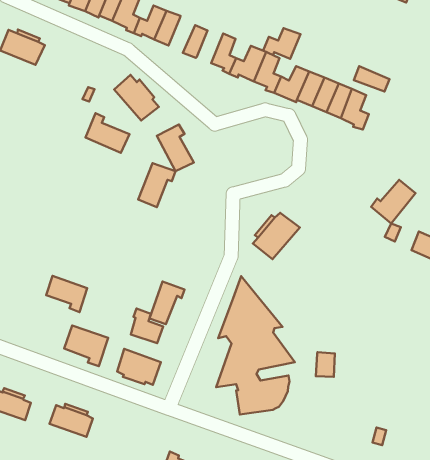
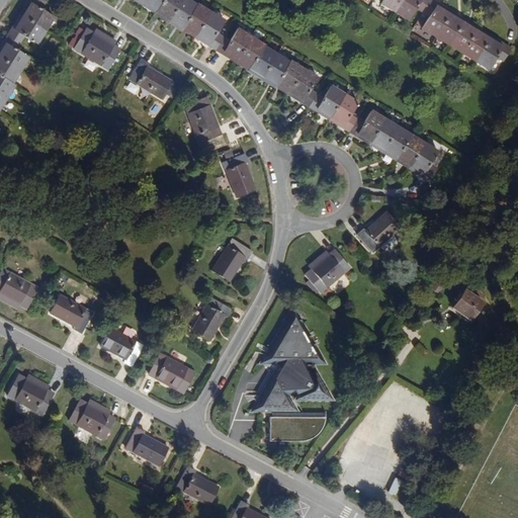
building: none -> [246,44,276,78]
building: [263,28,300,59] -> none
building: none -> [273,58,303,92]
building: [354,66,390,92] -> none
building: [86,113,129,153] -> [127,56,171,98]
building: [138,163,175,207] -> [205,240,246,283]
building: [371,180,415,223] -> [355,209,401,251]
building: [46,276,87,312] -> [50,300,91,340]
building: [131,308,163,343] -> none
building: [316,352,335,377] -> none
building: none -> [131,430,171,466]

